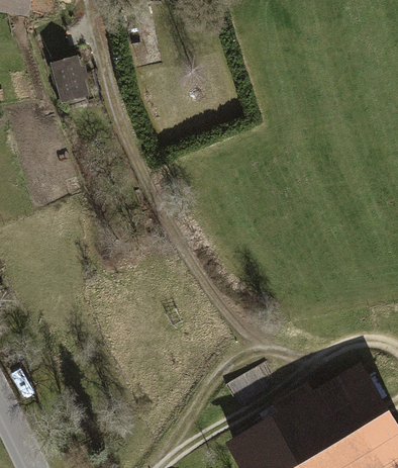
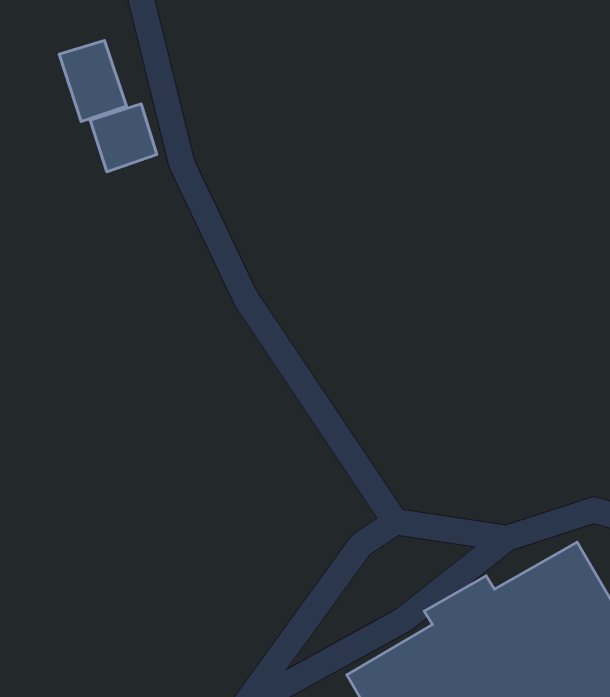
building: none -> [90,104,157,172]

